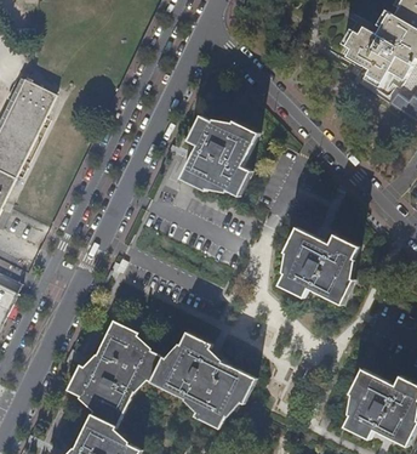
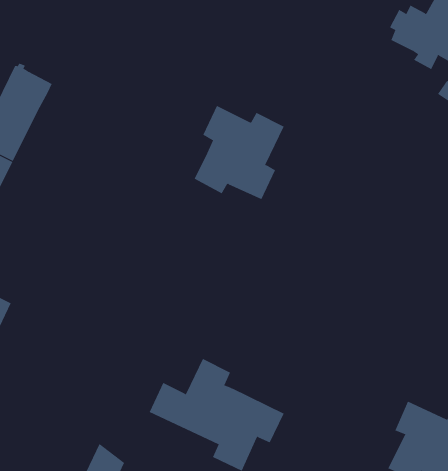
building: [276,226,355,302] -> none
building: [65,320,150,421] -> none

